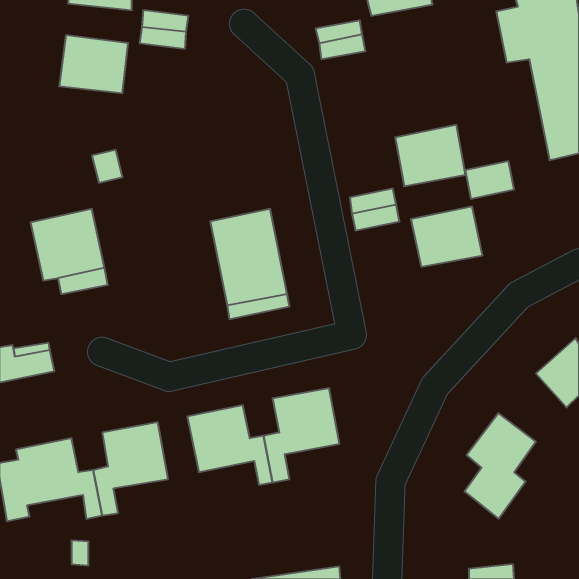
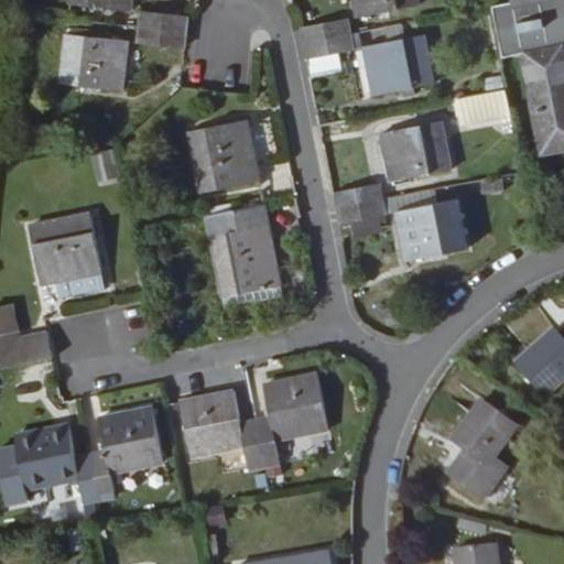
building: none -> [367,36,435,95]
building: none -> [187,120,258,194]
building: [465,161,514,199] -> [455,90,502,127]

